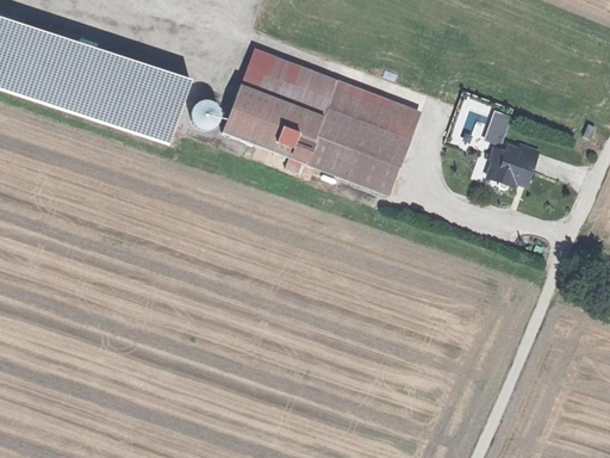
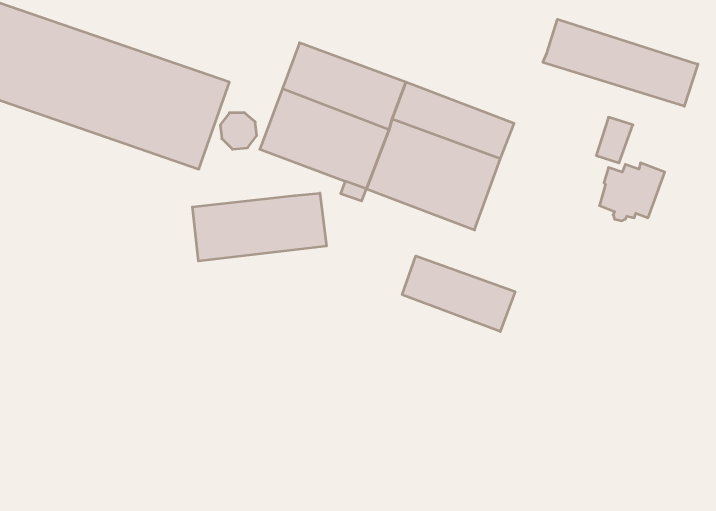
building: none -> [543,19,698,106]
building: none -> [192,193,326,261]
building: none -> [402,256,515,332]

